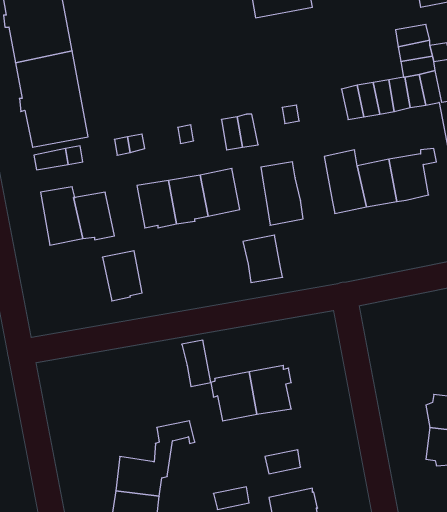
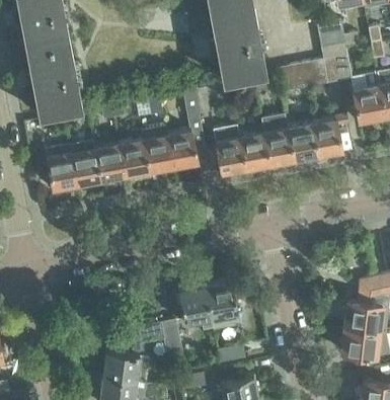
building: none -> [210,7,265,80]
building: [243,235,283,283] -> [240,133,270,169]
building: [102,251,142,301] -> [94,144,125,182]
building: [182,340,211,387] -> [159,321,181,356]

